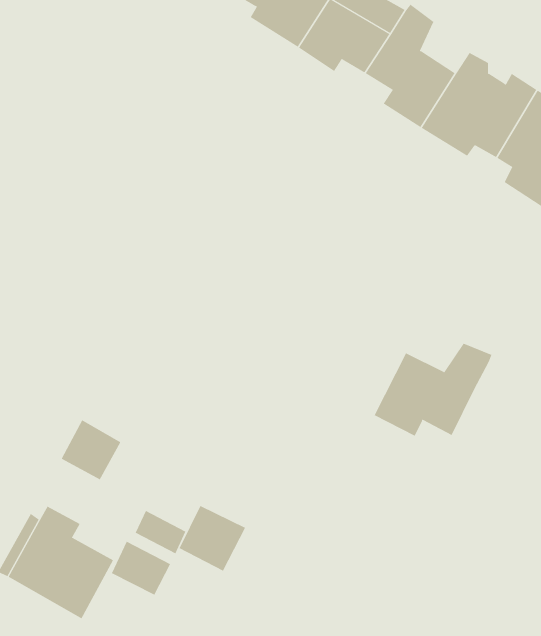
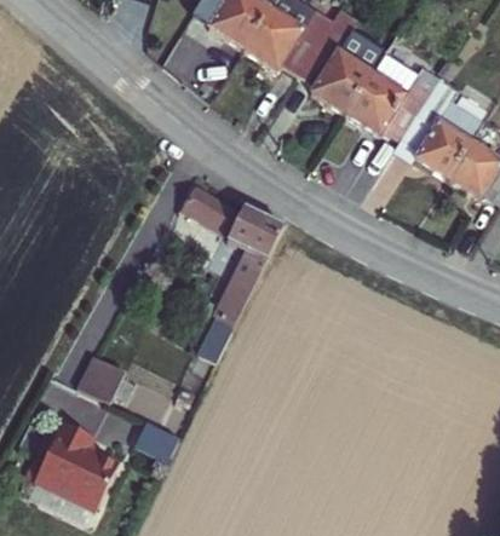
building: none -> [173,184,280,368]
building: [374,343,492,437] -> none
building: [179,505,246,571] -> none
building: [111,541,171,595] -> none

